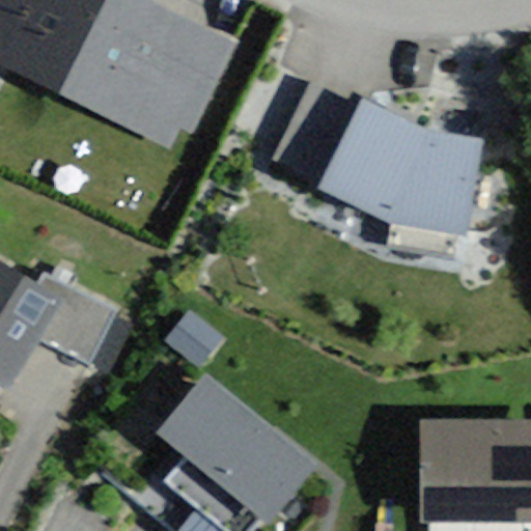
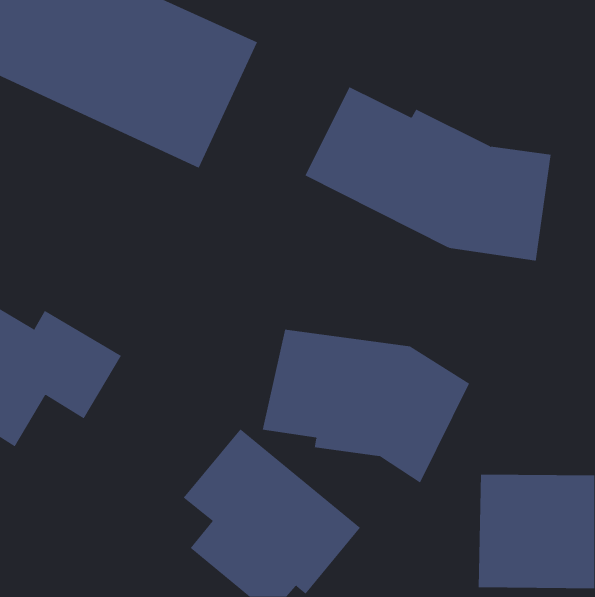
building: none -> [262,329,470,483]

